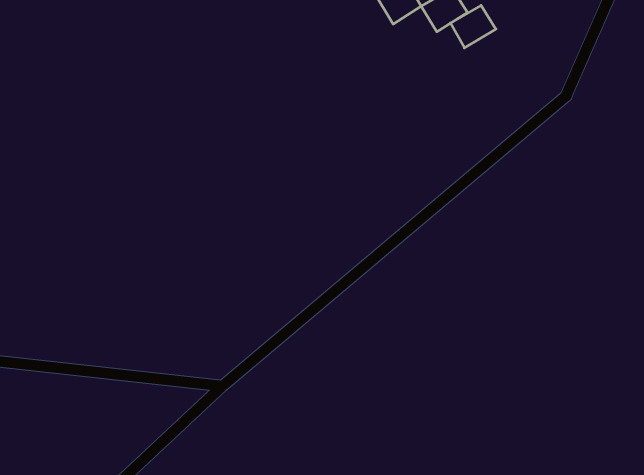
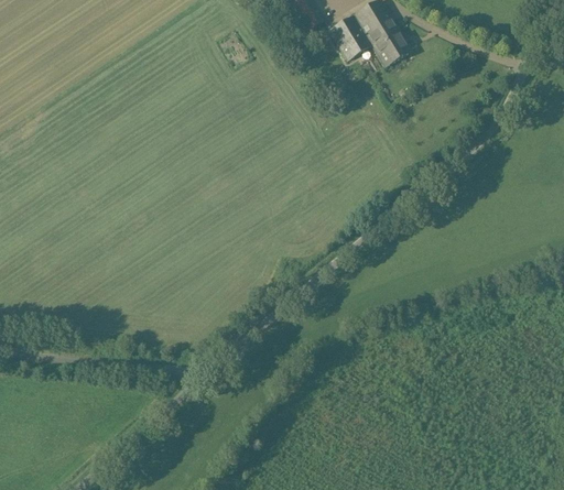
building: [450,5,496,48] -> none

